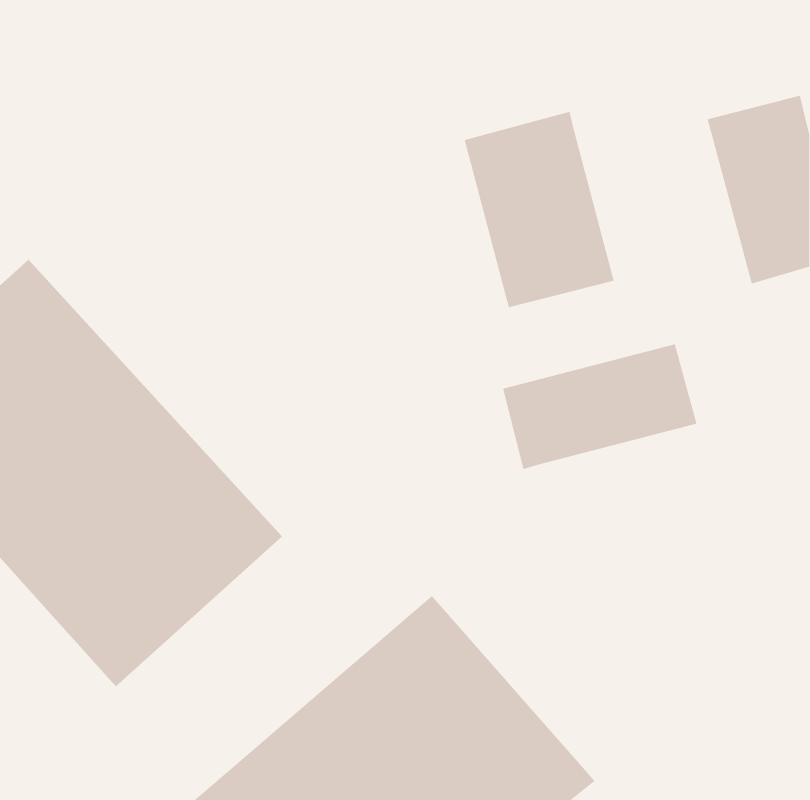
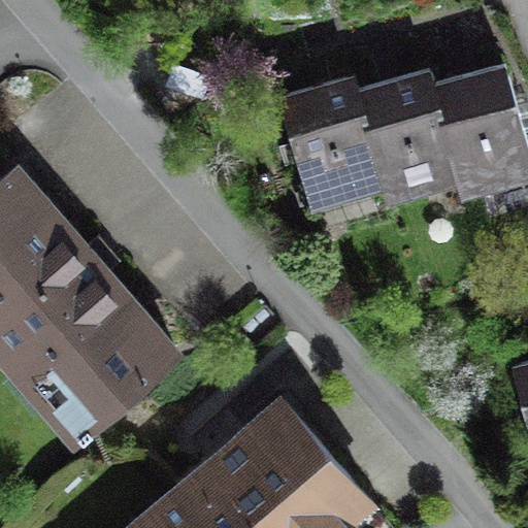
building: none -> [372,67,485,202]
building: [502,343,697,470] -> none

